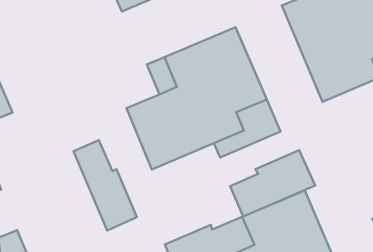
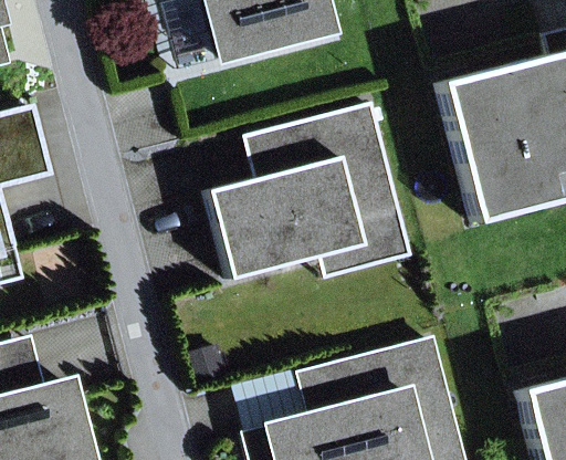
building: [74,140,137,230] -> none
building: [230,150,315,216] -> none

